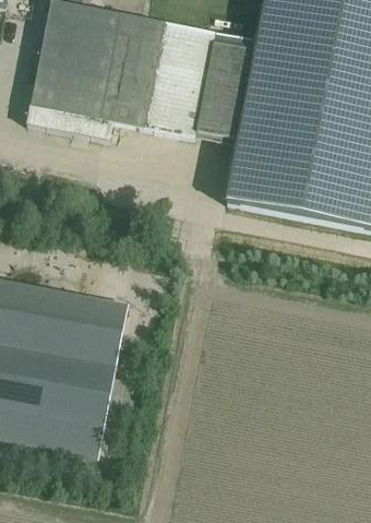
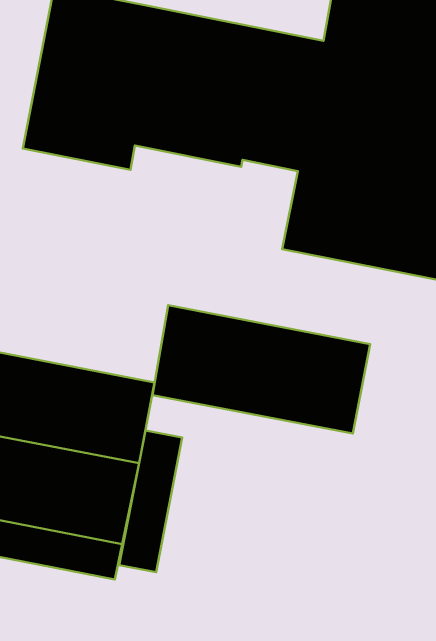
building: none -> [152,305,370,434]
building: none -> [119,430,182,572]

